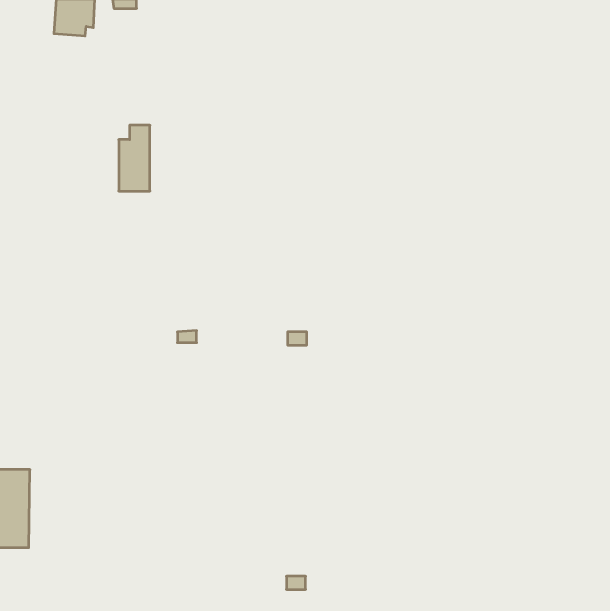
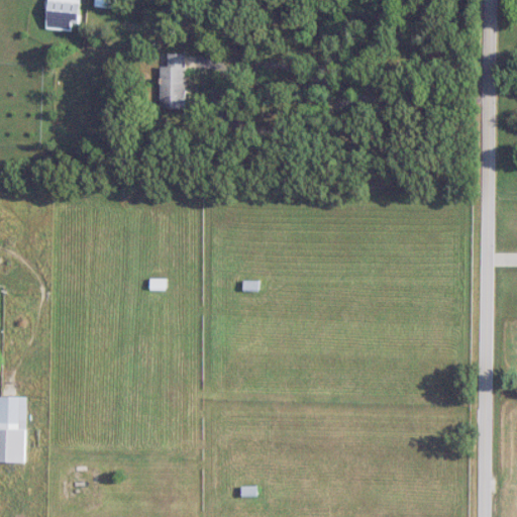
building: [119,125,150,191] -> [159,54,185,109]

